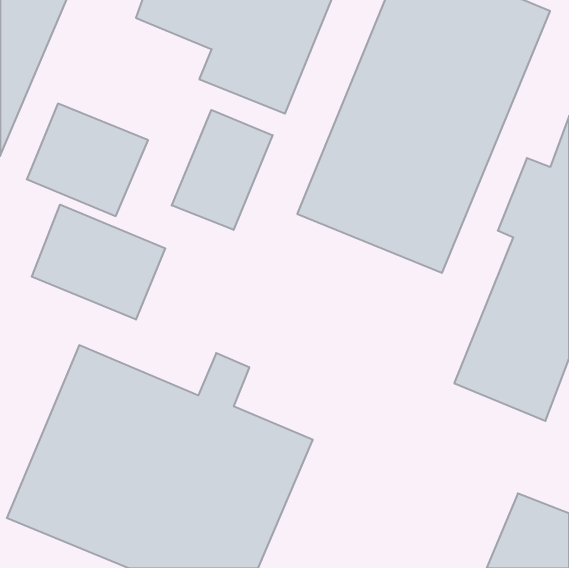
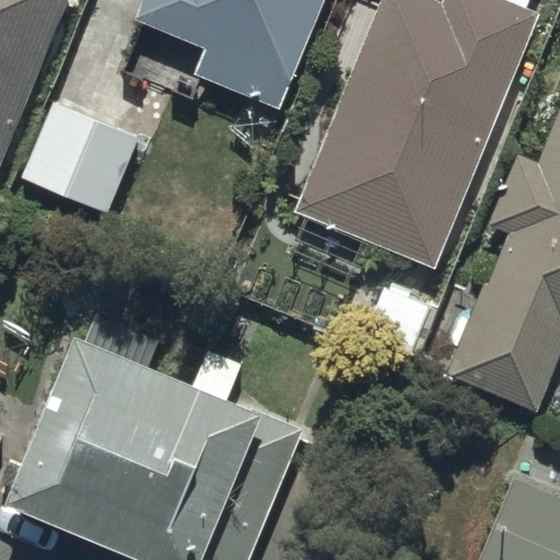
building: [172,110,273,230] -> none
building: [32,205,165,320] -> none

